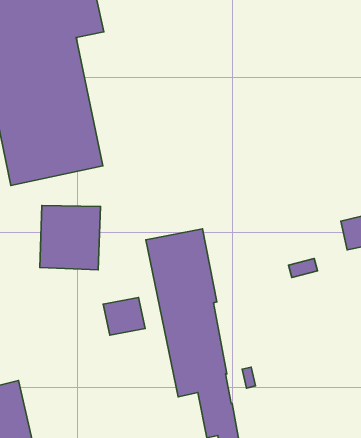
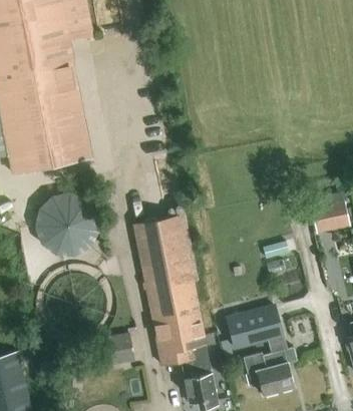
building: [103,298,145,335] -> [96,333,134,367]
building: none -> [226,306,297,396]

